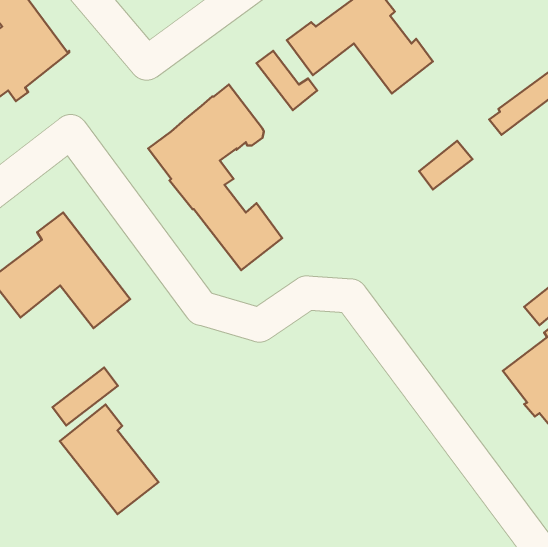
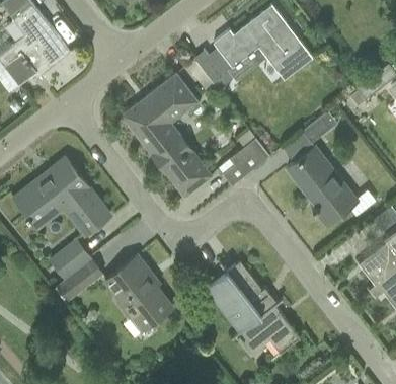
building: none -> [224,139,269,184]
building: none -> [287,147,376,225]
building: none -> [51,241,89,278]
building: none -> [206,262,300,354]
building: [60,405,159,514] -> [105,256,171,329]

